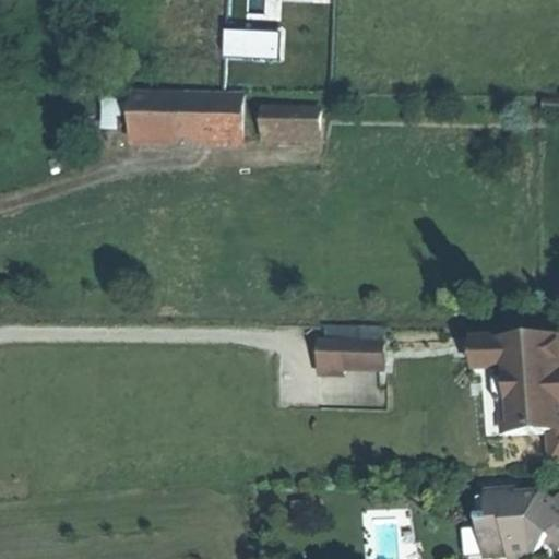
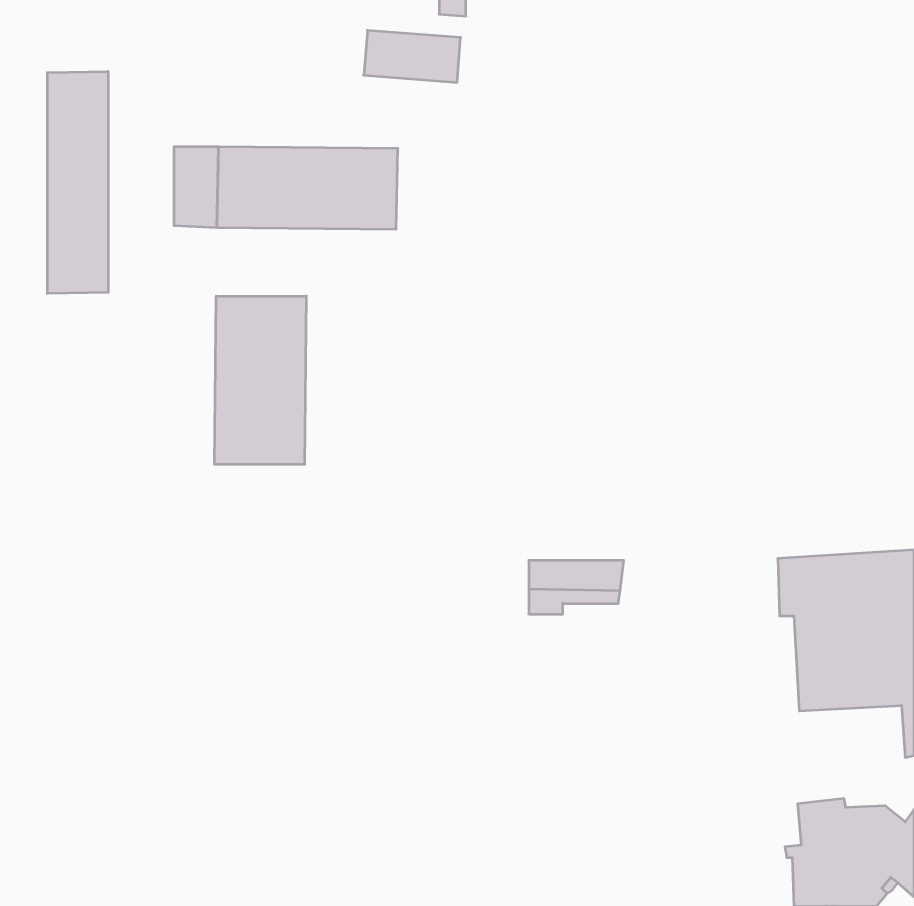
building: none -> [47,71,108,294]
building: [263,104,320,133] -> none
building: none -> [215,296,306,464]

